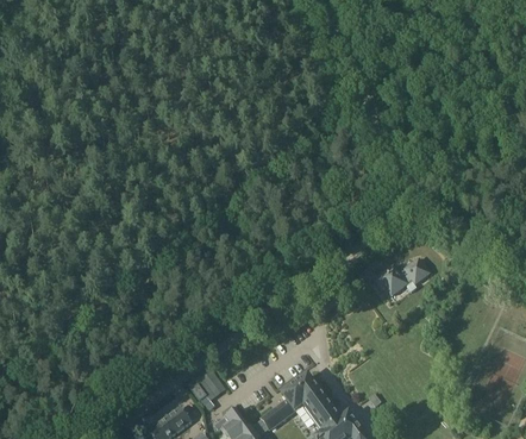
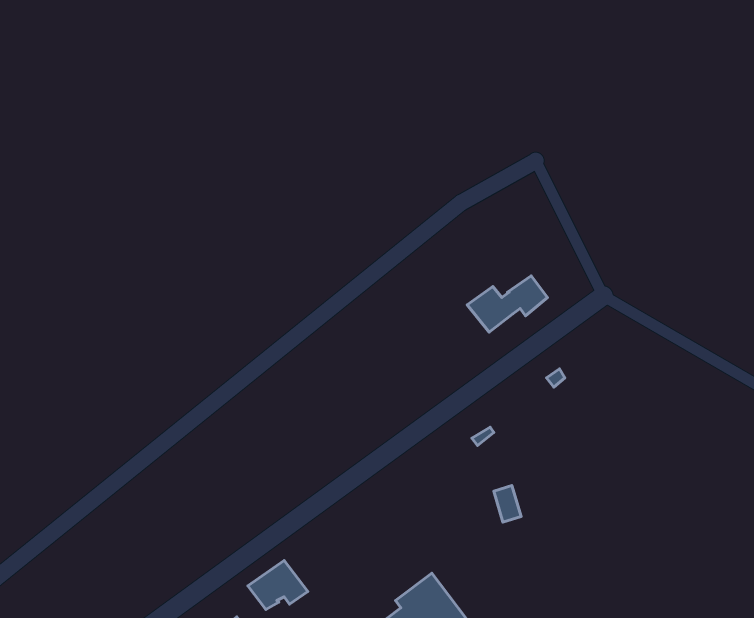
building: [377,258,430,295] -> [467,276,547,332]

